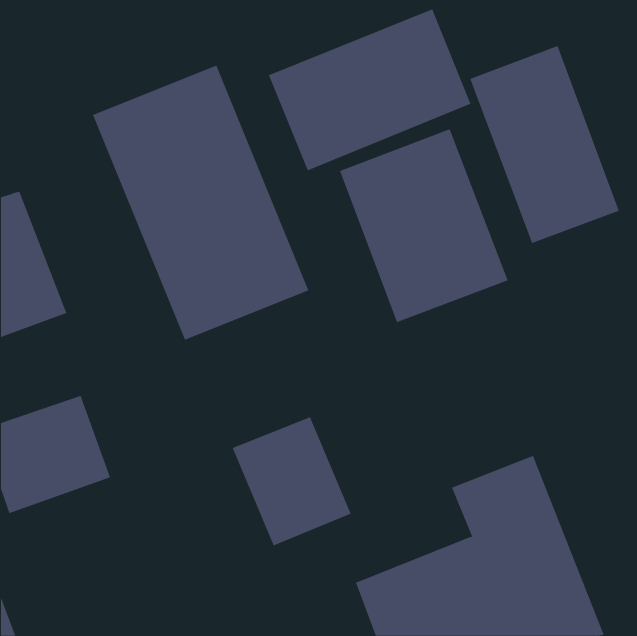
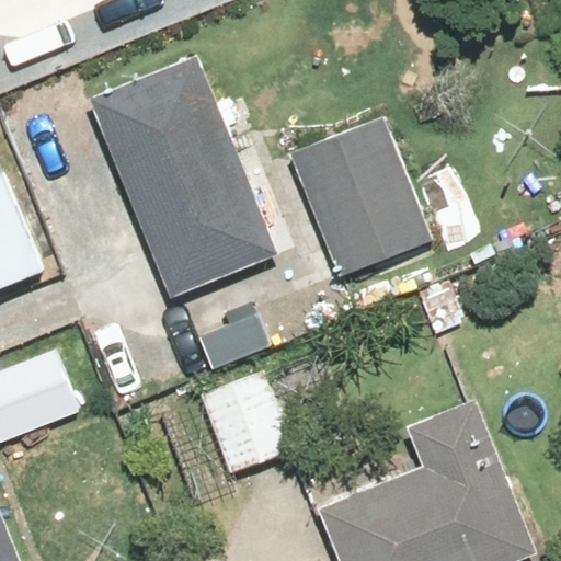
building: [268,9,471,171] -> none
building: [469,45,620,244] -> none

